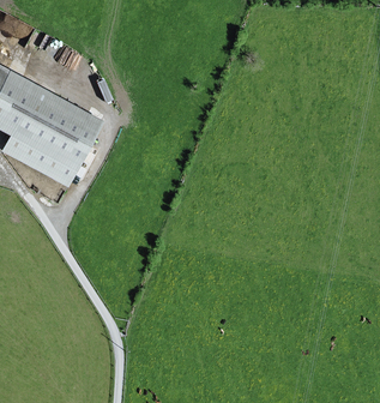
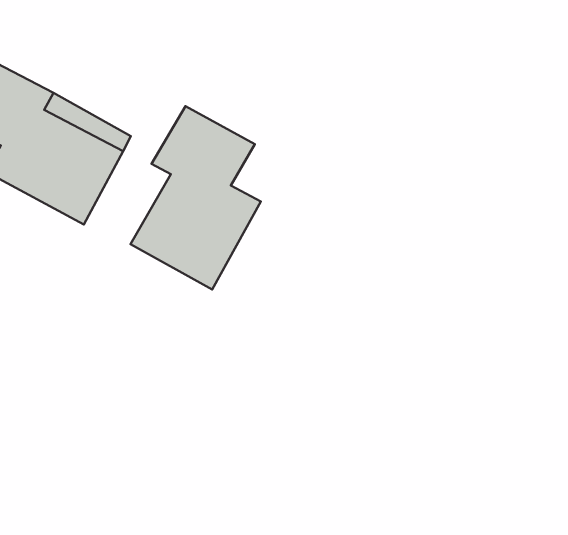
building: none -> [131,106,261,289]

